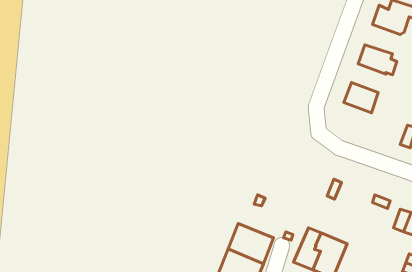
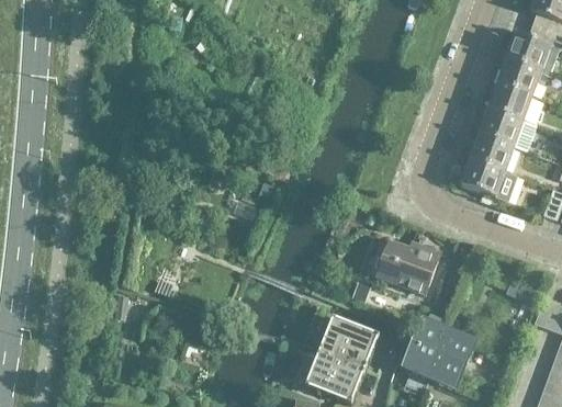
building: none -> [497,56,549,94]
building: none -> [480,108,537,149]
building: none -> [461,158,518,200]
building: none -> [376,239,441,293]

